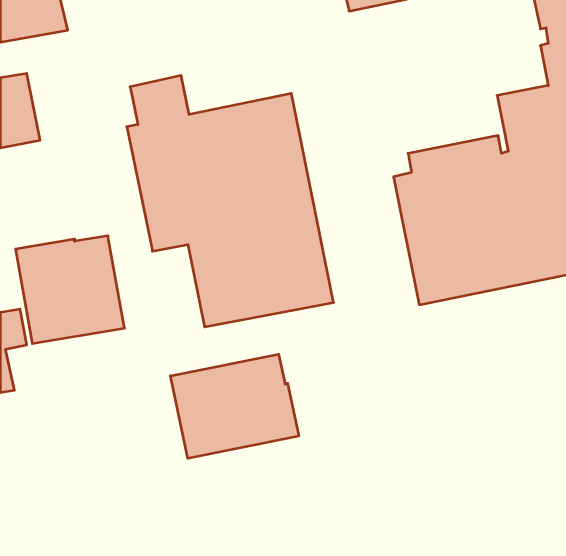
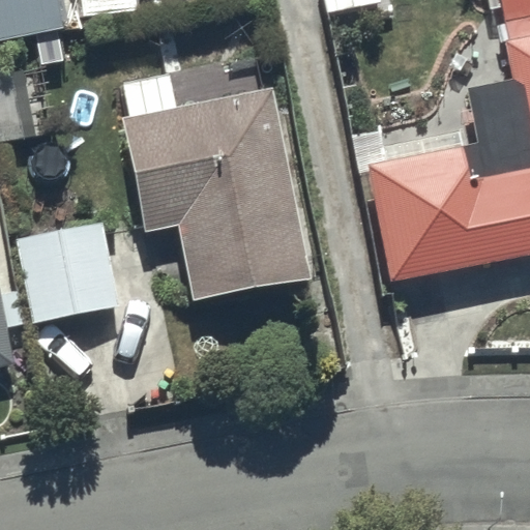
building: [170,354,299,458] -> none

